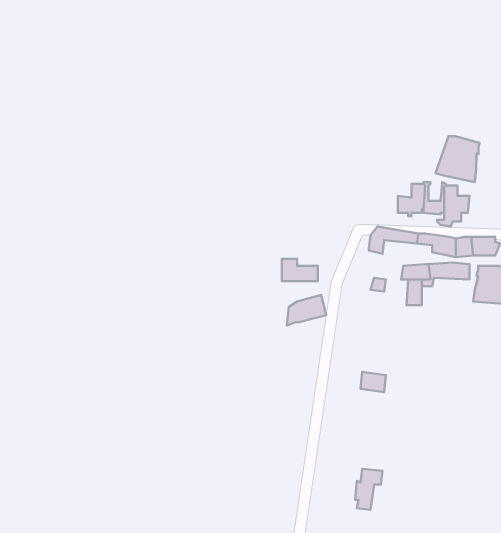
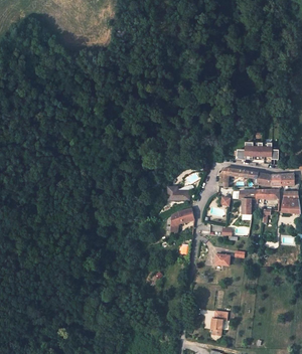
building: [435,136,479,182] -> none

